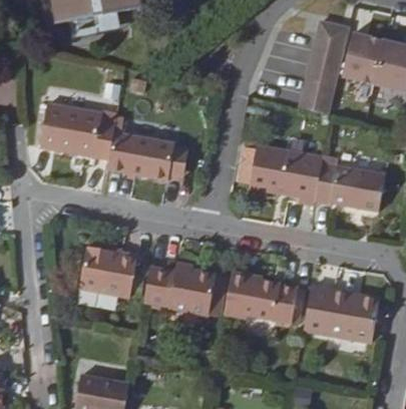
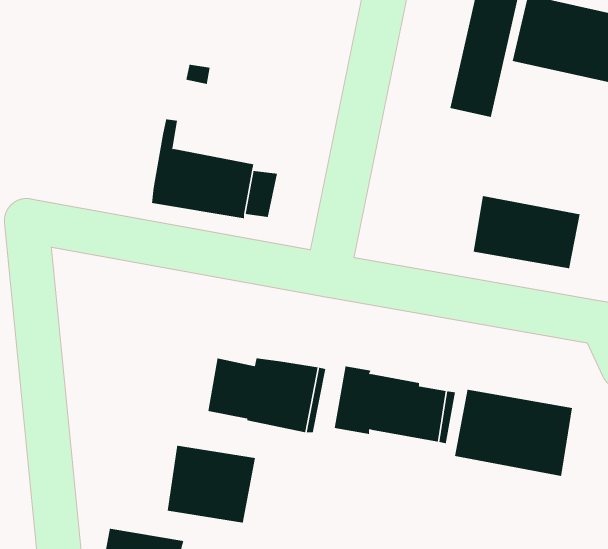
building: [39,103,113,158] -> none
building: [246,143,321,204] -> none
building: [80,248,137,298] -> [167,445,256,523]

